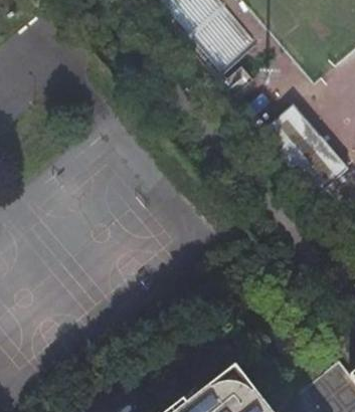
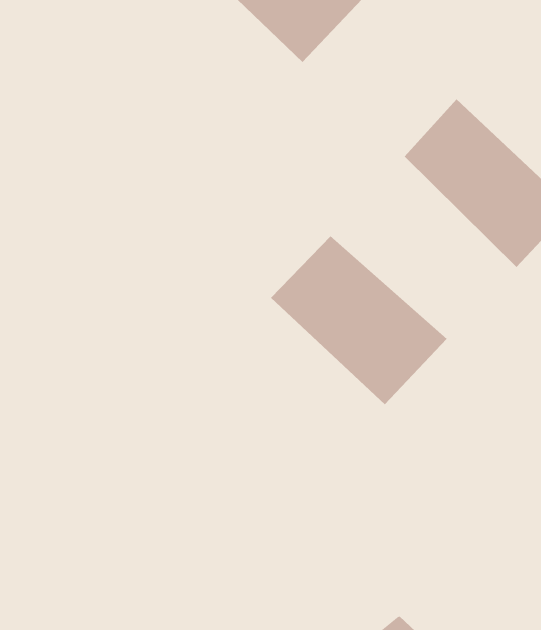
building: none -> [270,235,447,405]

